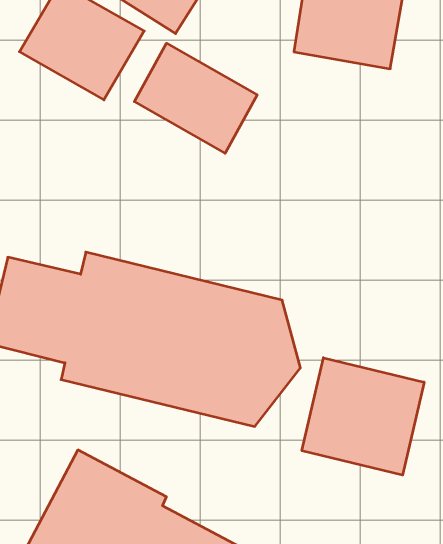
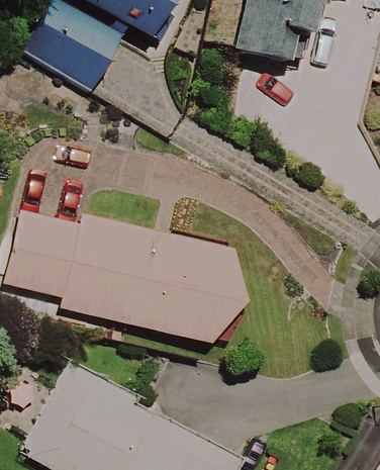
building: [134,43,257,153] -> none
building: [302,358,424,475] -> none

